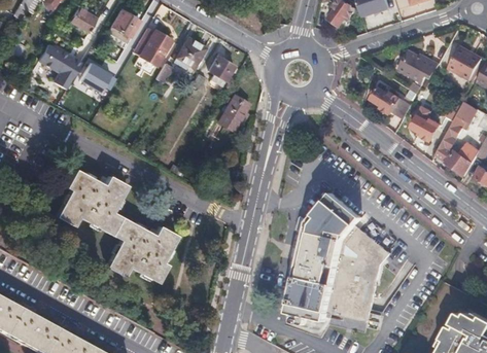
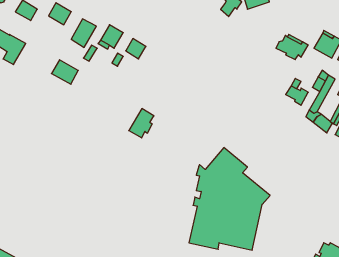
building: [82,62,116,93] -> [51,60,78,84]
building: [371,86,411,118] -> none
building: [216,94,248,131] -> [129,109,154,138]
building: [55,168,178,285] -> none

